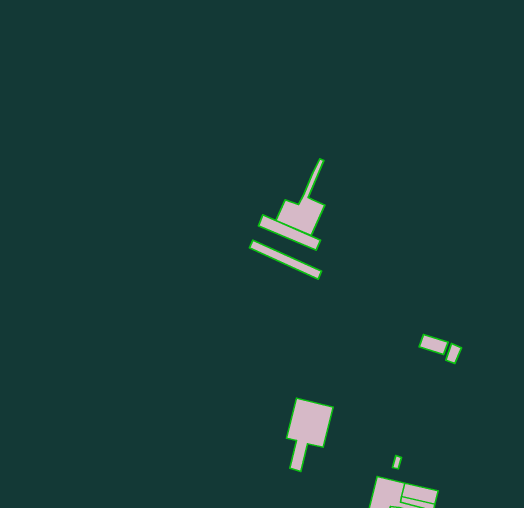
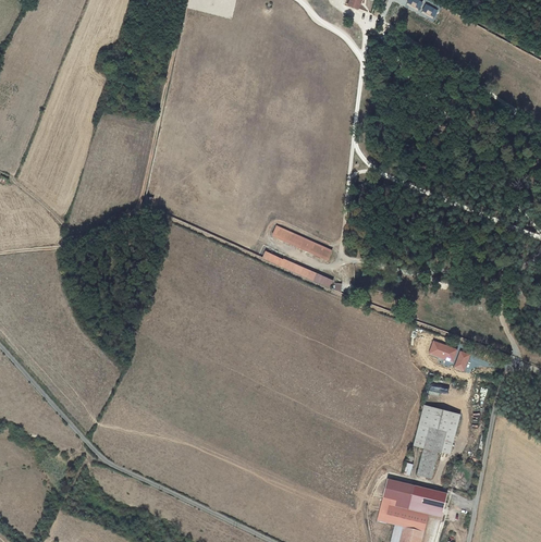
building: [276,159,325,236] -> none
building: [286,398,333,471] -> [415,406,460,478]

